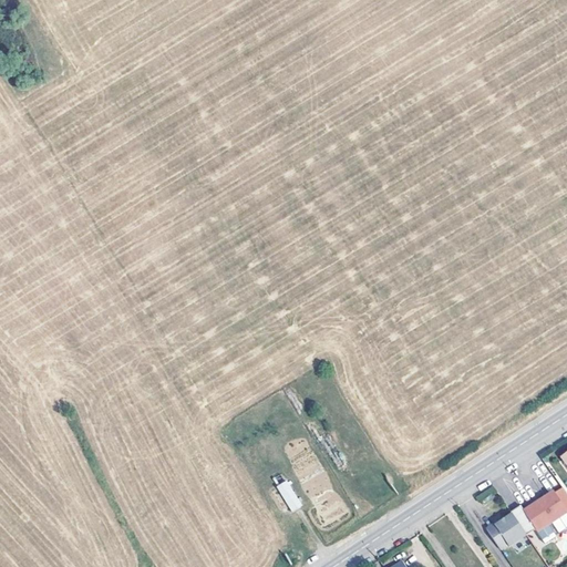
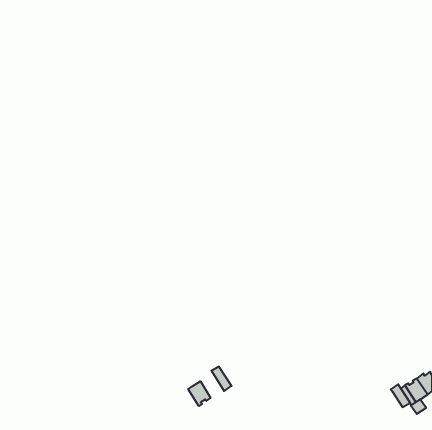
building: none -> [188,381,210,406]
building: [487,512,527,546] -> none

